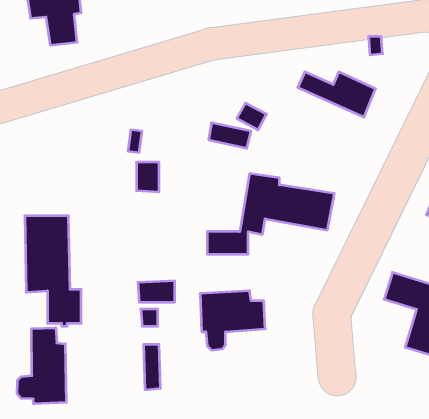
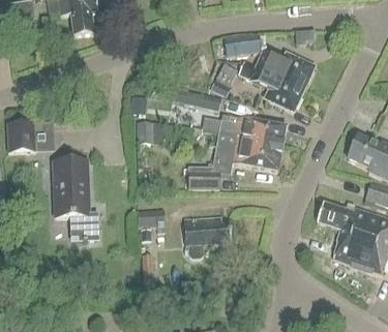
building: none -> [225,36,261,55]
building: none -> [237,59,303,111]
building: none -> [202,116,285,143]
building: [17,328,66,404] -> none

